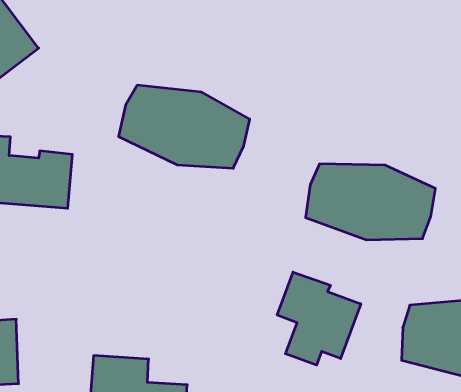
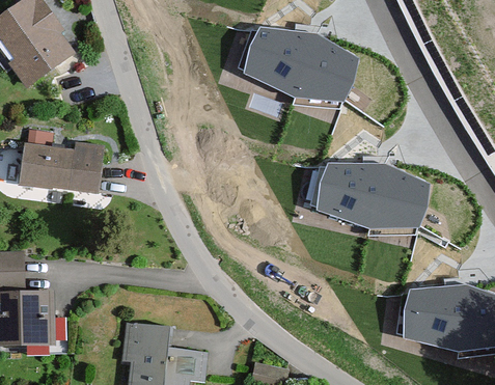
building: [119,85,250,168] -> [239,23,355,97]
building: [277,272,361,365] -> none

